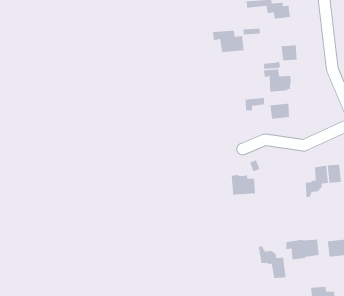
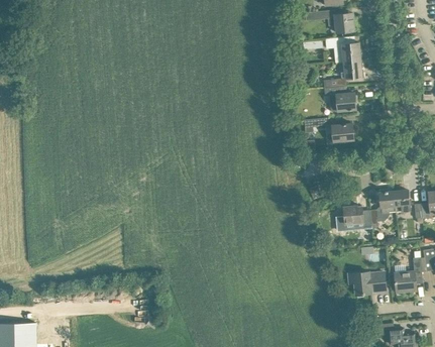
building: [212,30,245,53] -> [326,36,361,62]
building: [231,174,256,196] -> [344,206,371,229]
building: [258,246,287,279] -> none

